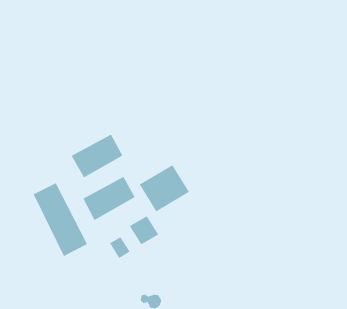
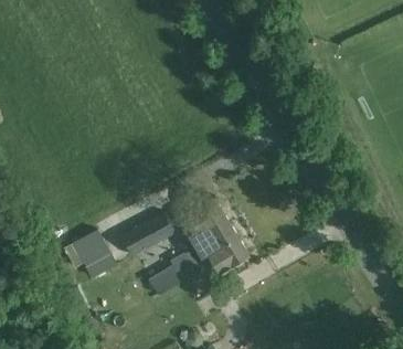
building: [71,134,123,178] -> none
building: none -> [197,226,248,273]

